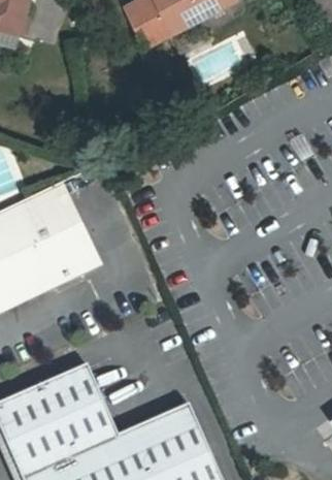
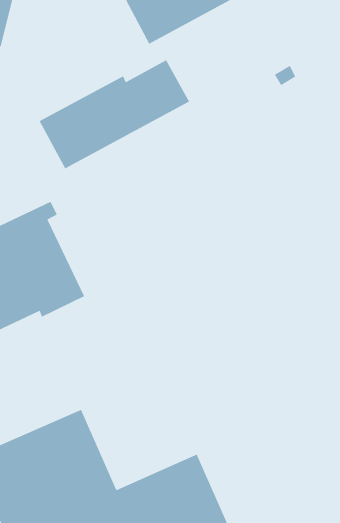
building: none -> [39,59,190,169]

